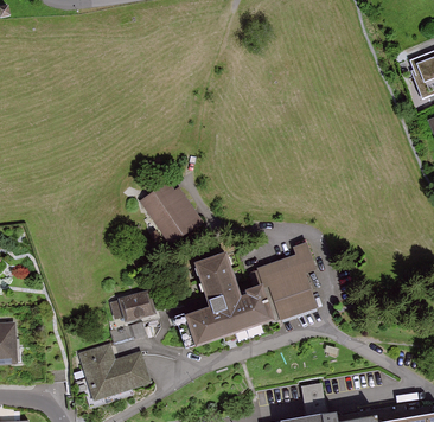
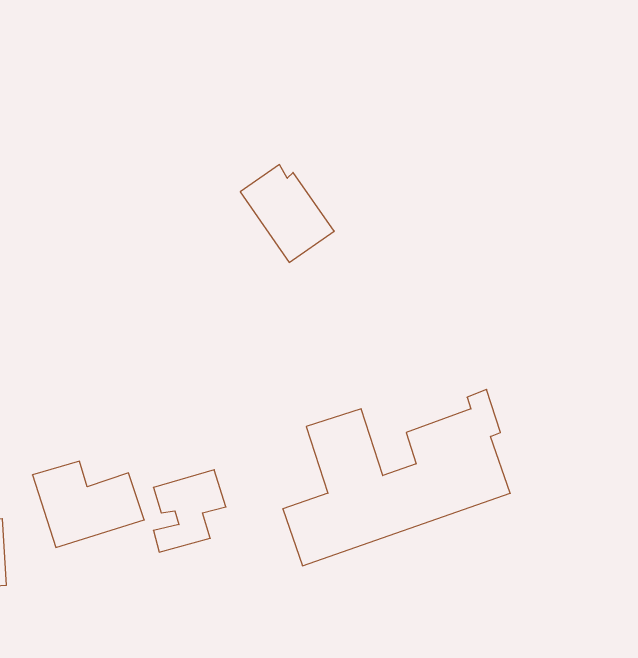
building: [146,184,203,243] -> [240,165,334,262]
building: [77,346,145,398] -> [32,461,144,547]

